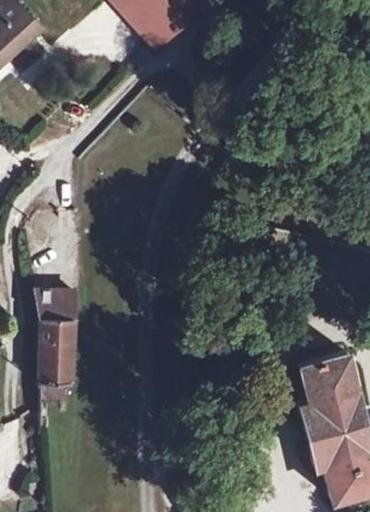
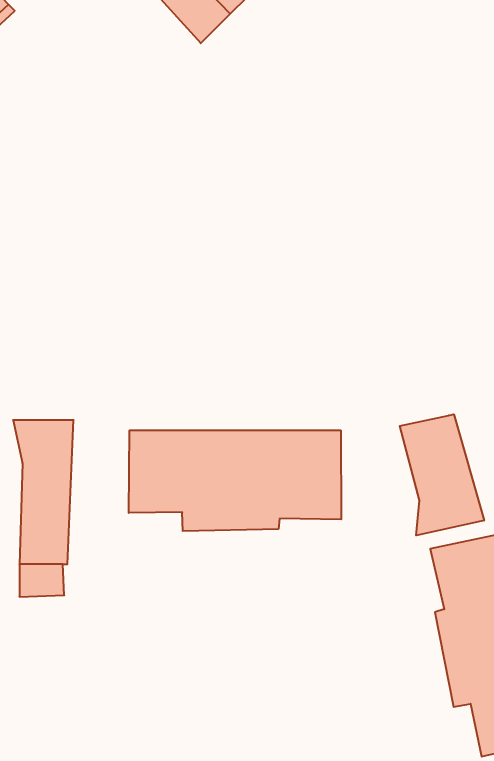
building: none -> [400,414,484,535]
building: none -> [129,430,341,531]

